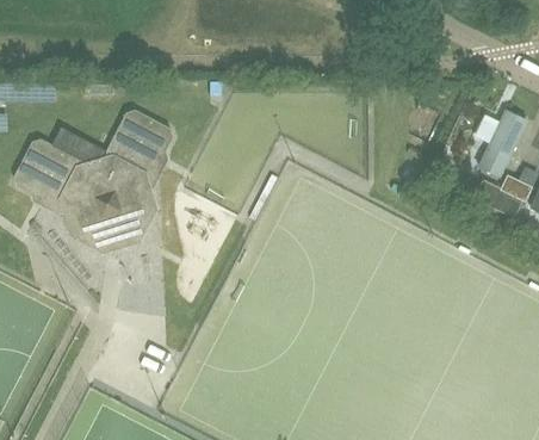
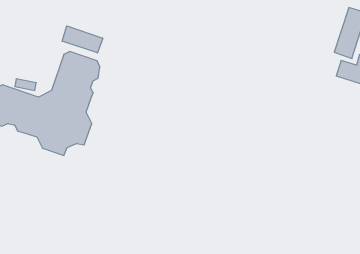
building: none -> [62,26,103,53]

